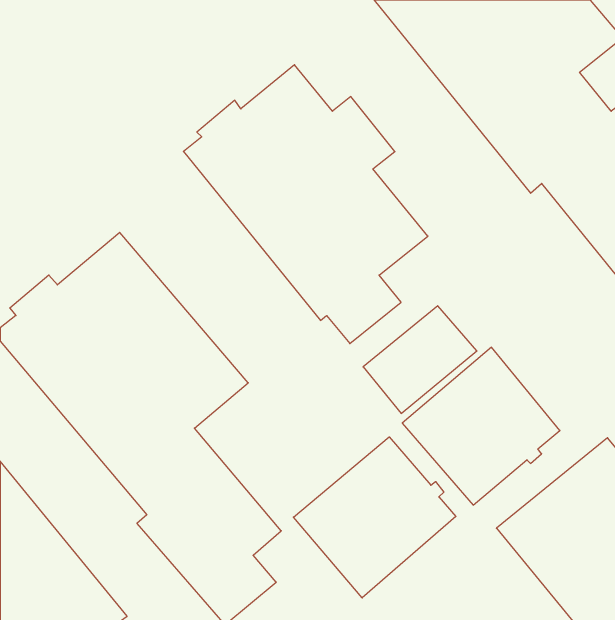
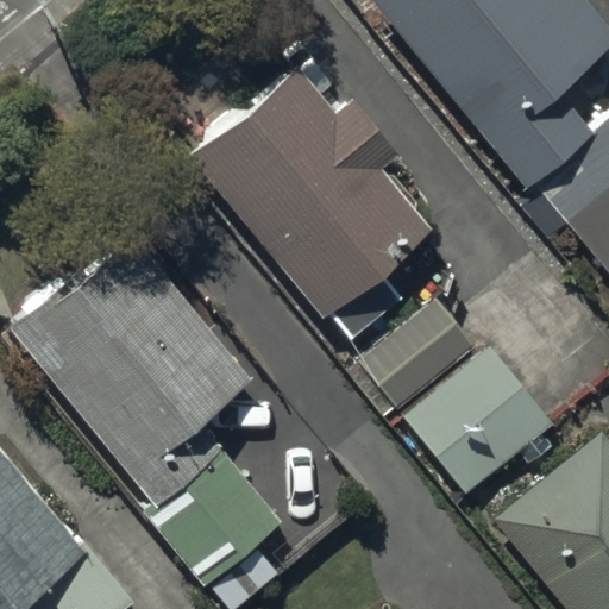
building: [293,437,456,598] -> none

